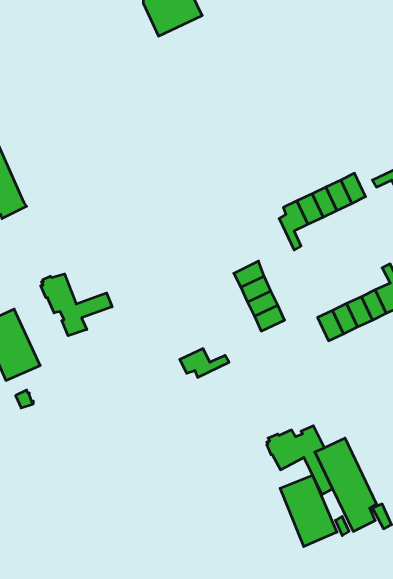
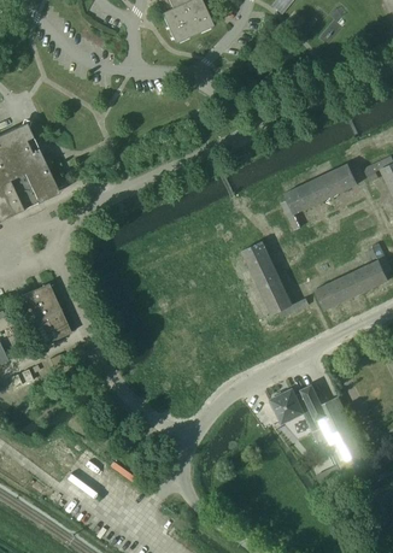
building: [41,274,112,336] -> none
building: [180,349,229,377] -> [265,293,309,318]
building: [280,475,337,547] -> none

